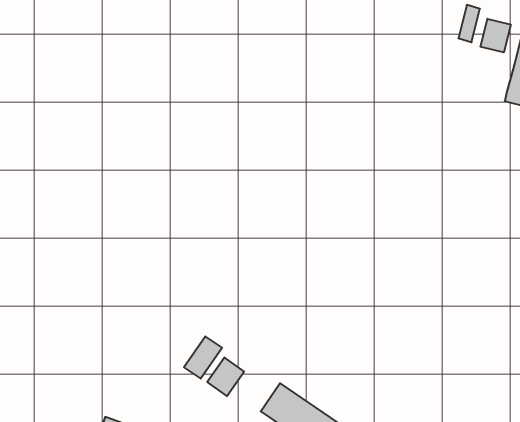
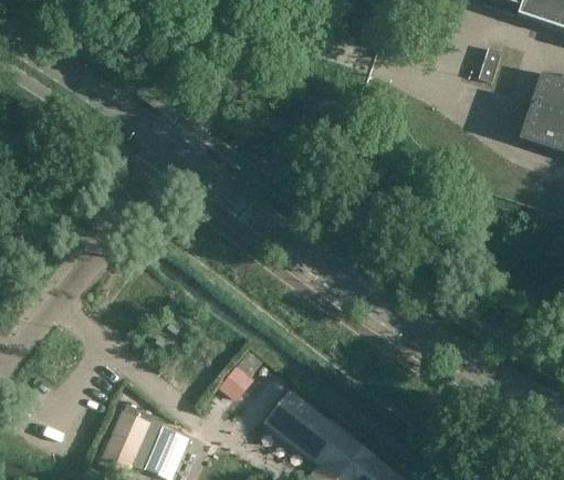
building: [480,19,511,52] -> none
building: [184,336,222,379] -> none

